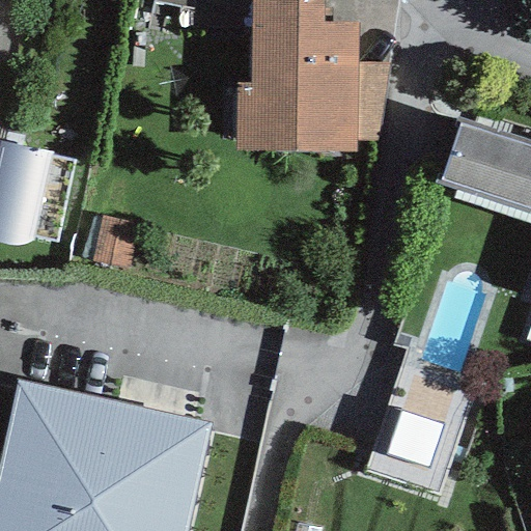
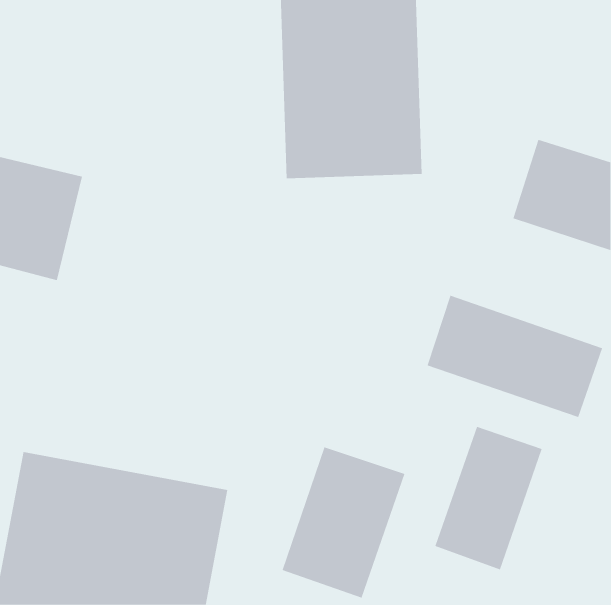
building: none -> [427,295,603,418]
building: none -> [282,447,405,598]

